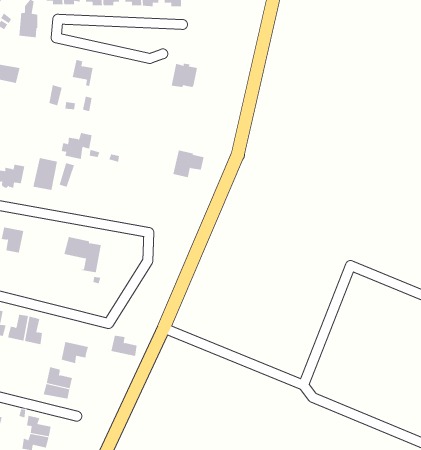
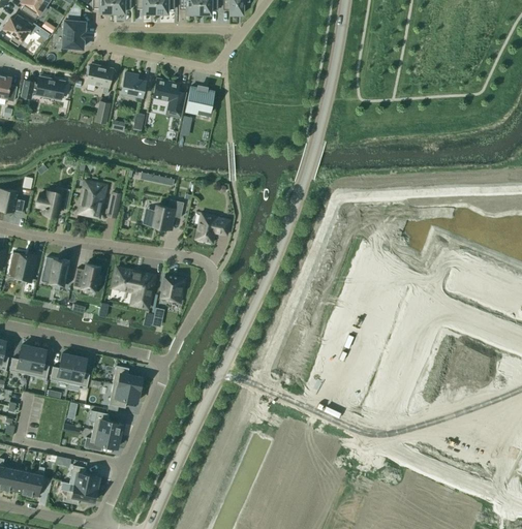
building: none -> [86,65,112,94]
building: [171,63,198,88] -> [184,87,214,114]
building: none -> [152,80,183,116]
building: [61,132,93,160] -> [148,199,183,229]
building: [173,150,204,178] -> [194,212,229,243]
building: none -> [72,263,101,290]
building: none -> [160,274,184,305]
building: [110,335,138,357] -> [112,366,142,390]

